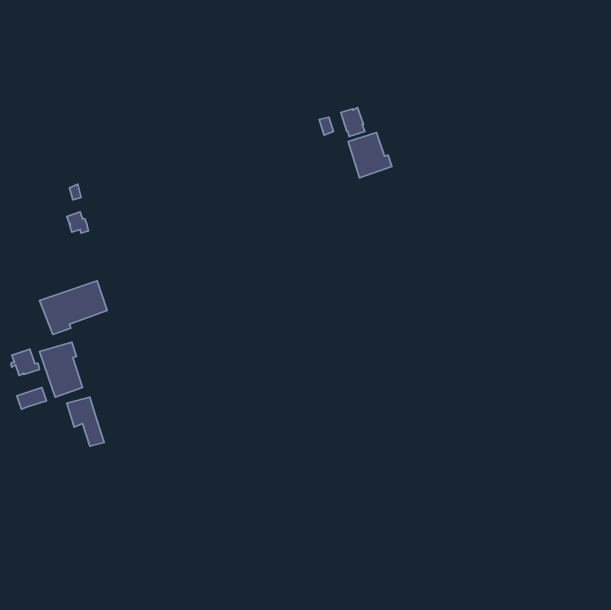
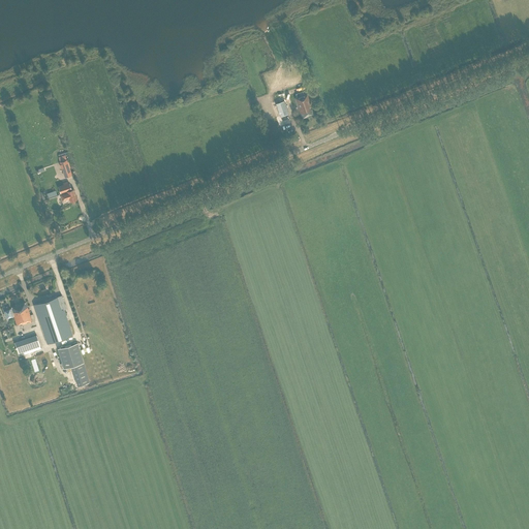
building: [348,133,392,178] -> none
building: [39,281,107,334] -> none

